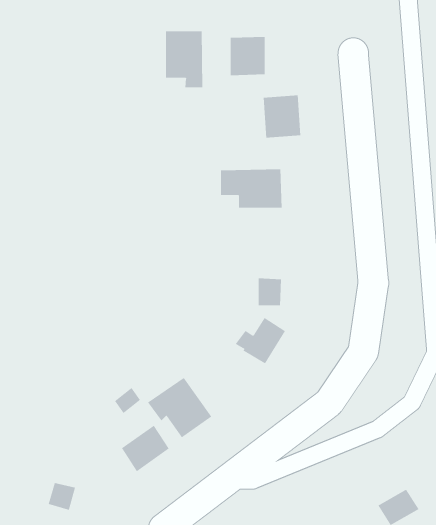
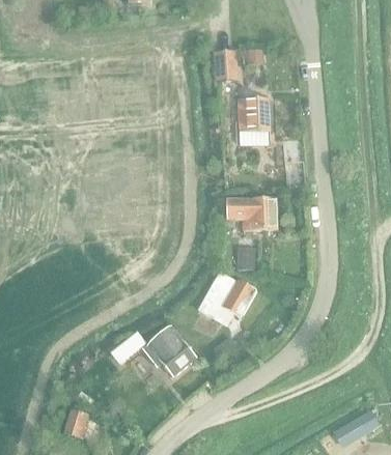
building: [165,30,203,88] -> none
building: [220,169,283,208] -> [225,197,276,229]
building: [121,425,170,472] -> none

